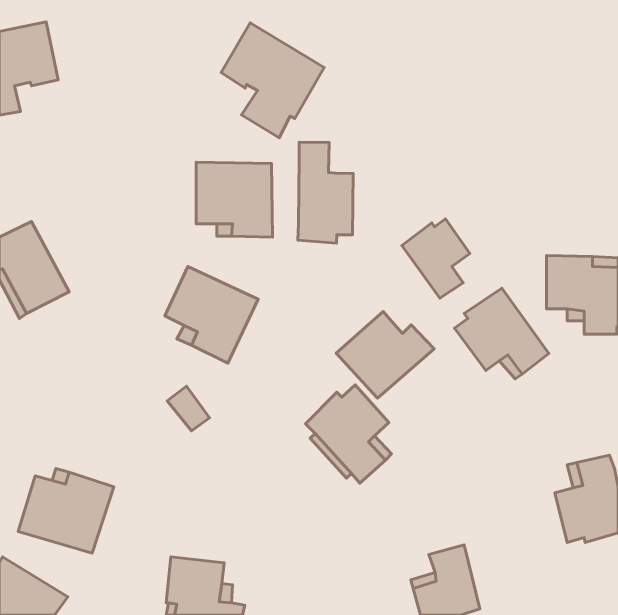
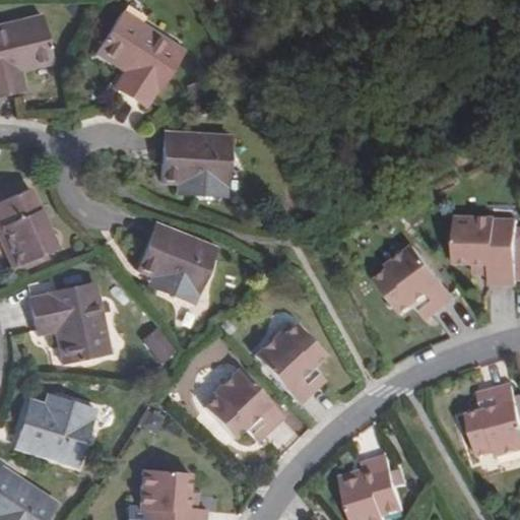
building: [221,23,324,138] -> [93,12,180,109]
building: [298,142,353,243] -> none
building: [402,219,470,298] -> none
building: [336,312,434,398] -> none
building: none -> [30,281,110,363]
building: none -> [202,370,283,443]

